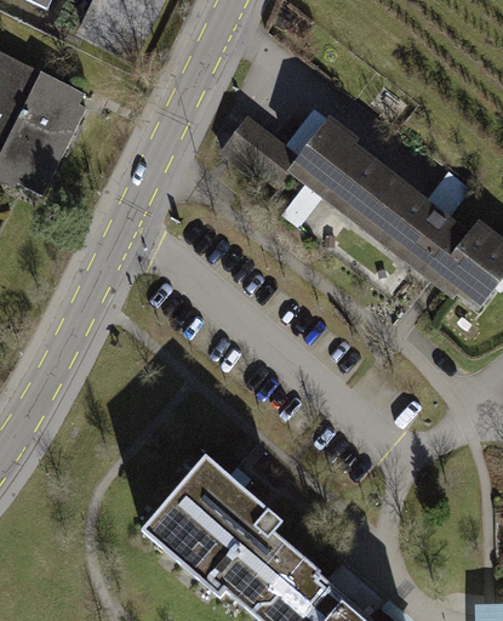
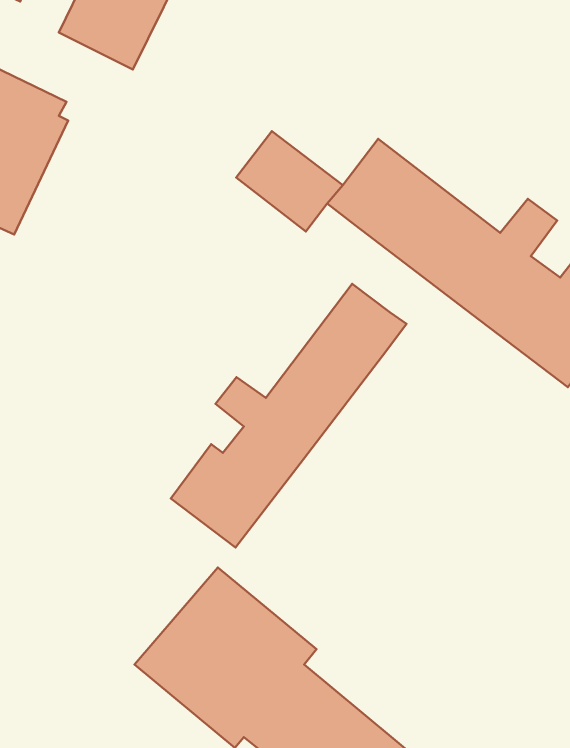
building: none -> [171,284,407,548]

